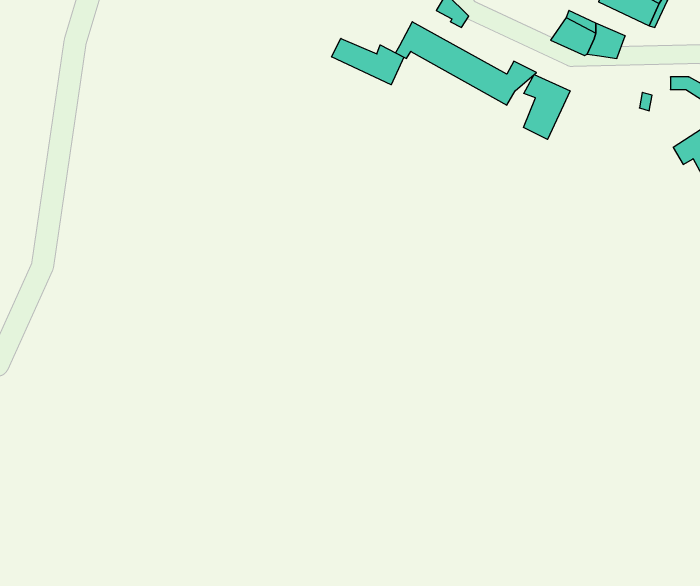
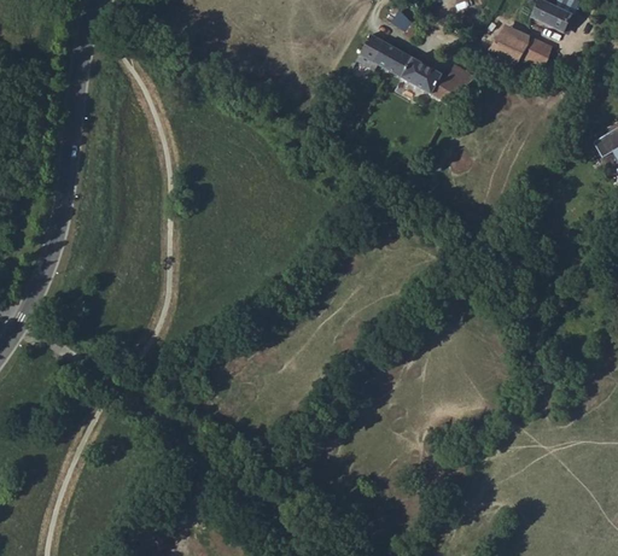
building: [332,38,404,85] -> none
building: [523,75,570,139] -> none

